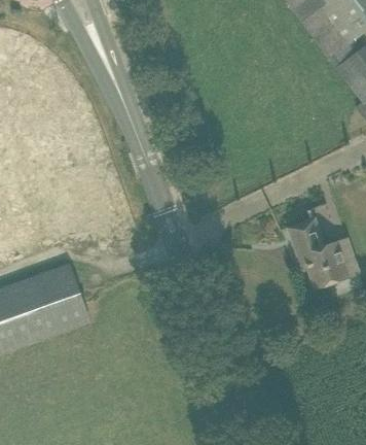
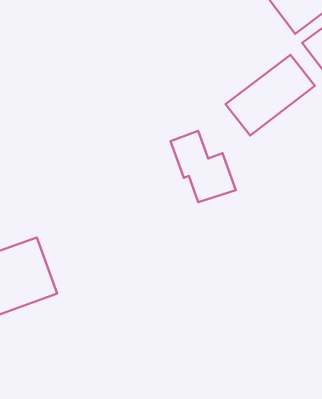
building: none -> [226,55,315,135]
building: [286,216,352,288] -> [171,131,236,202]

